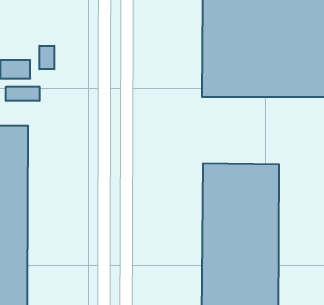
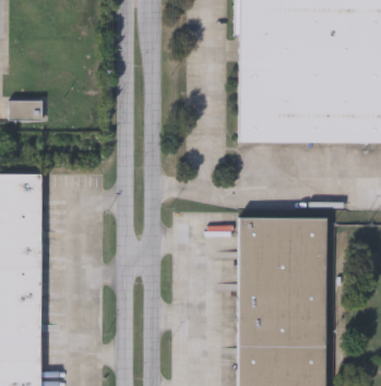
building: [39,46,54,69] -> none
building: [6,87,40,101] -> none

